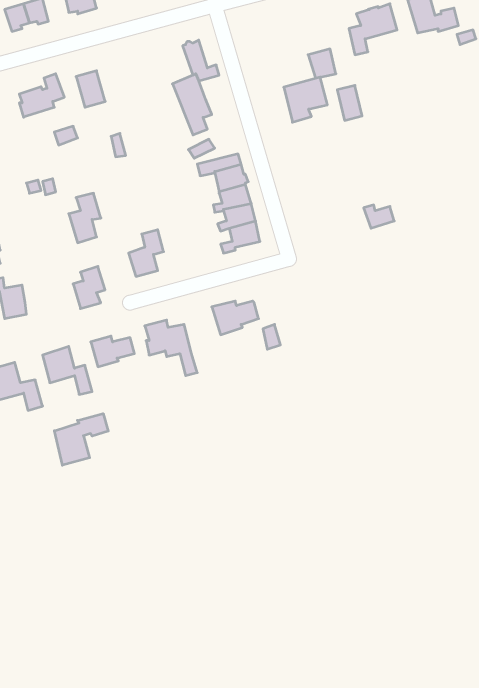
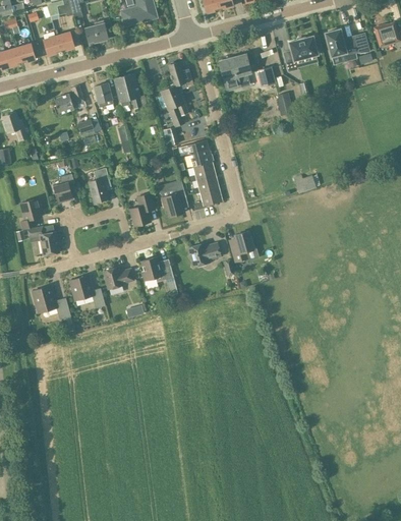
building: none -> [114,72,142,107]
building: [284,77,327,122] -> [220,53,250,84]
building: none -> [162,183,188,216]
building: [73,266,105,309] -> [54,172,76,201]
building: none -> [229,230,254,260]
building: [54,414,108,465] -> none

